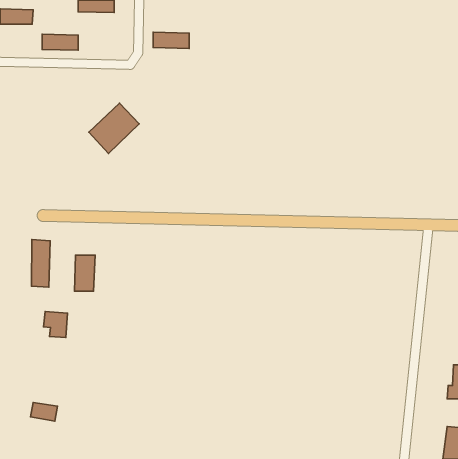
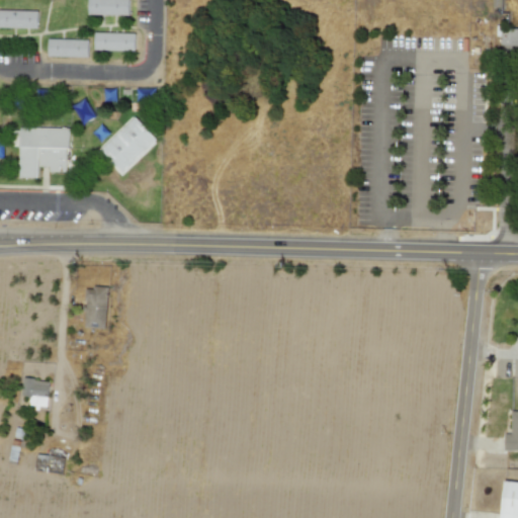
building: [153,32,189,48] -> [95,32,136,51]
building: none -> [20,126,70,178]
building: [31,240,50,287] -> none
building: [43,311,68,337] -> [22,378,50,408]

